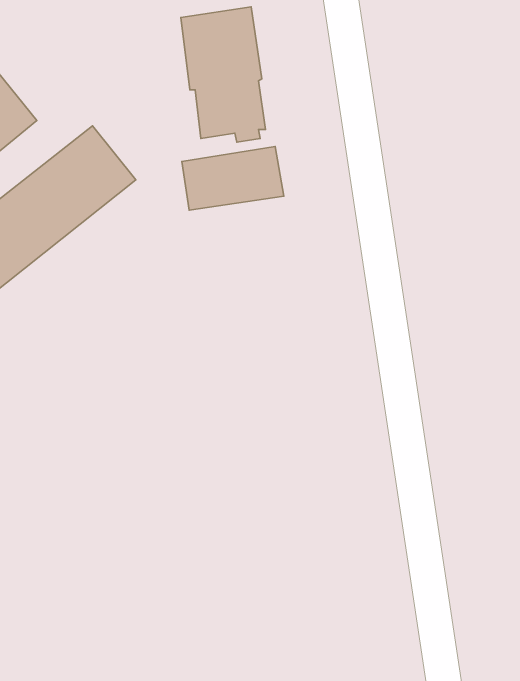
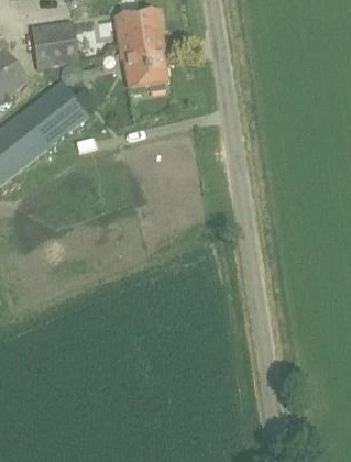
building: none -> [33,21,79,66]
building: [182,147,284,210] -> none

